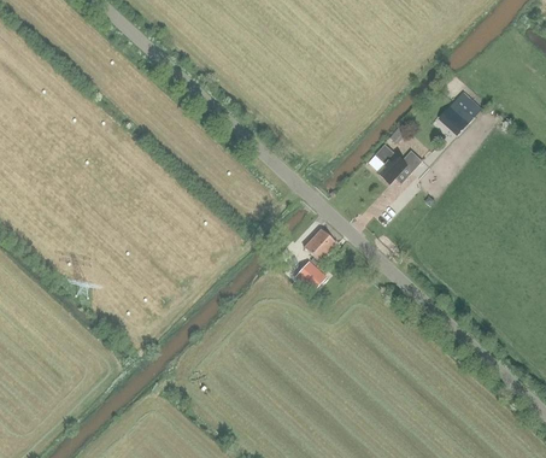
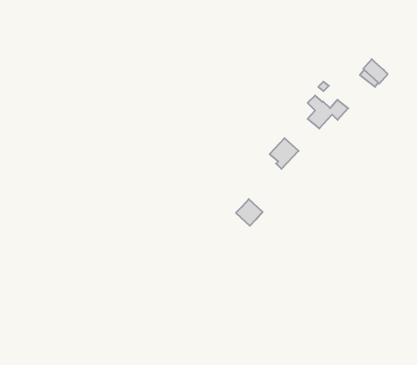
building: [305,227,337,262] -> [270,138,299,169]

